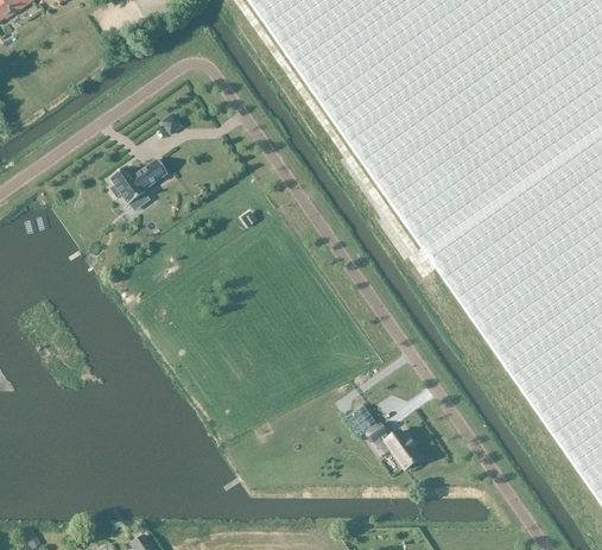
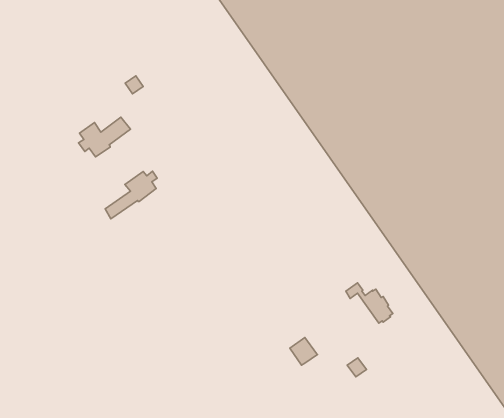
building: none -> [105,171,157,219]
building: [367,422,419,467] -> [346,283,393,323]

